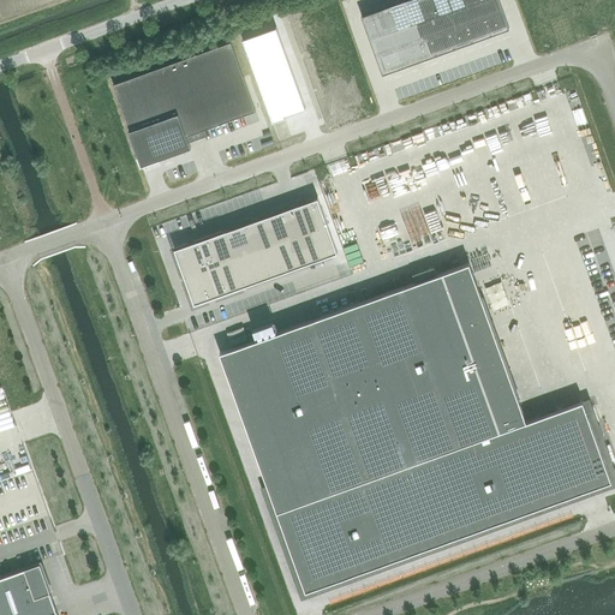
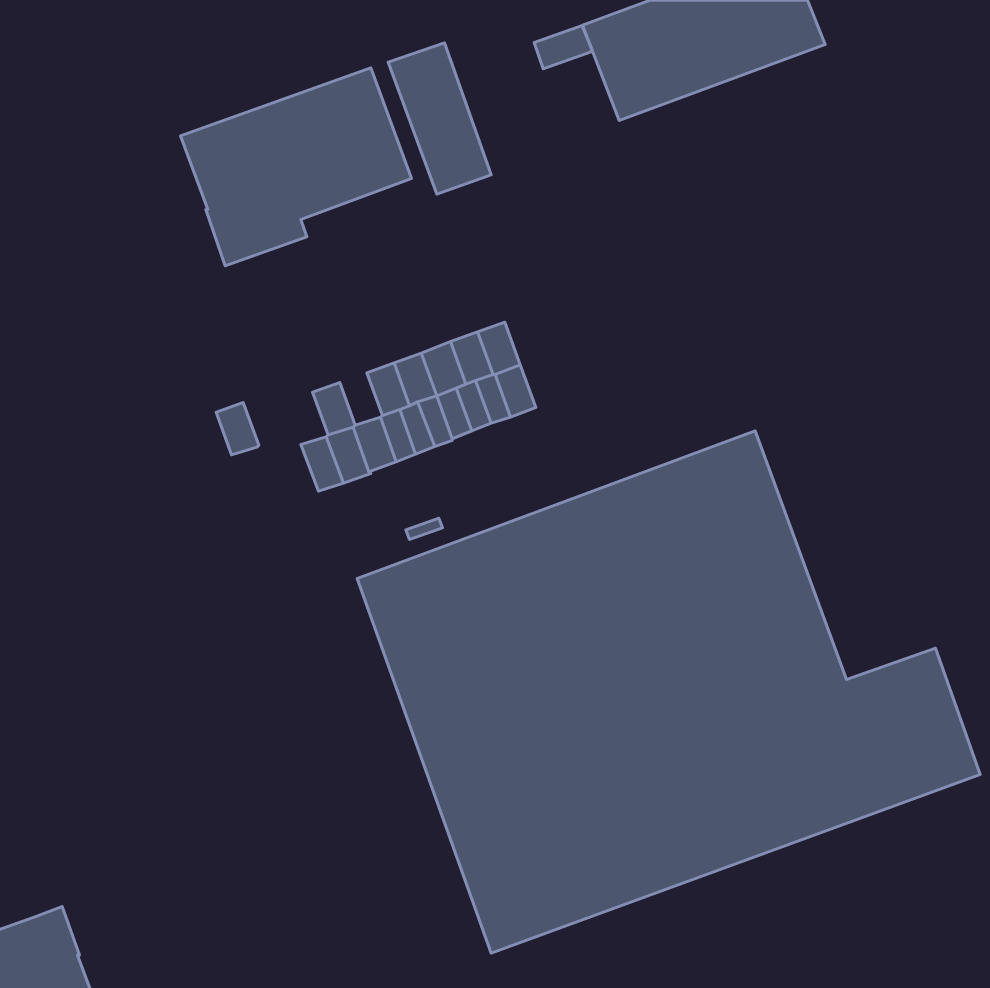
building: none -> [534,26,592,69]
building: [210,233,237,265] -> none
building: [177,245,203,277] -> [216,403,259,455]

